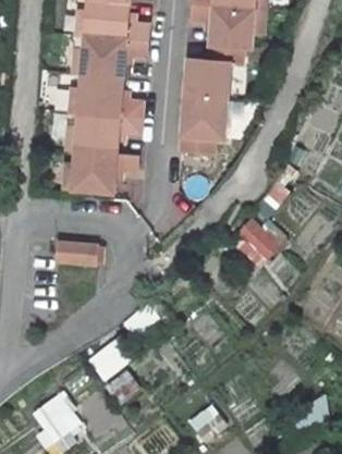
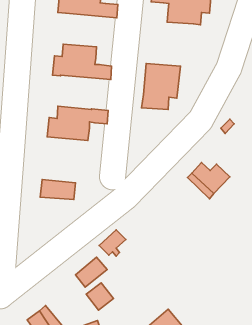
building: [72,36,148,77] -> none
building: [184,47,243,101] -> none
building: [65,112,141,155] -> none

